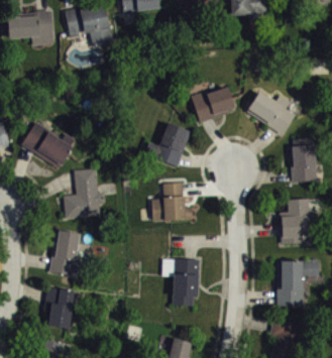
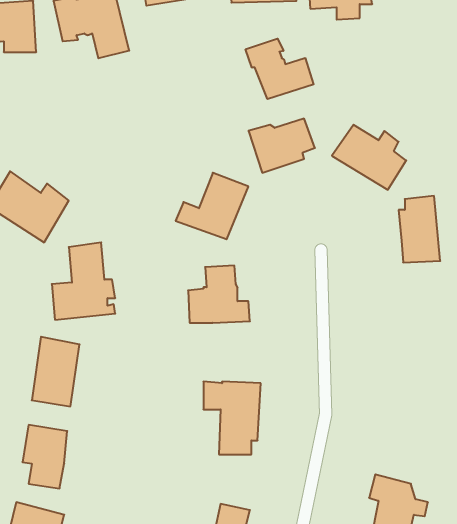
building: none -> [246,39,314,99]
building: [280,198,310,243] -> none
building: [275,260,318,307] -> none

